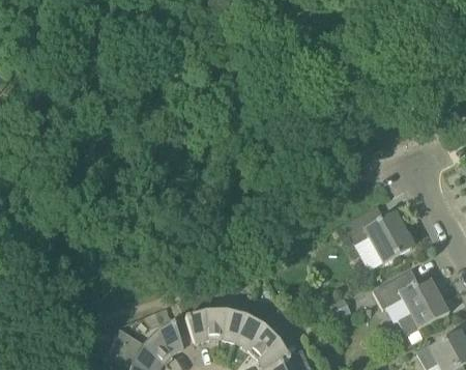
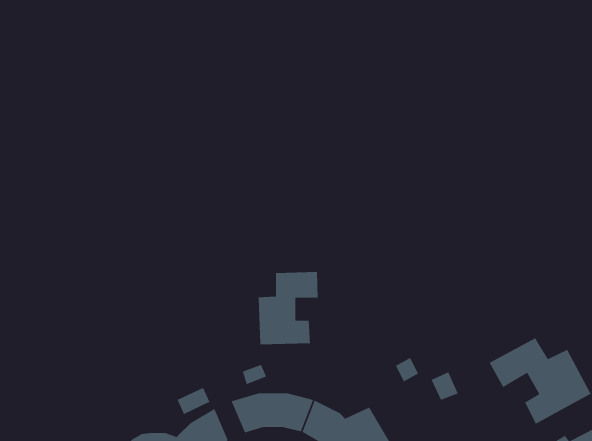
building: [343,206,412,261] -> none
building: none -> [257,271,318,345]

